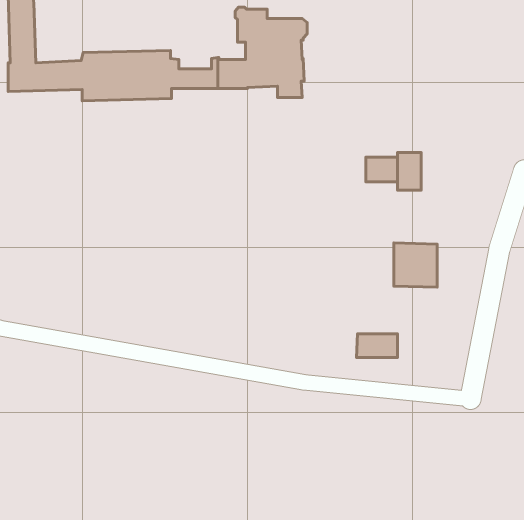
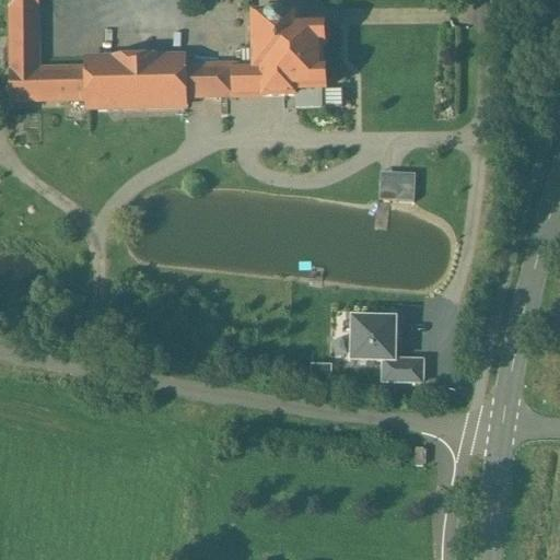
building: [398,152,421,190] -> none
building: [394,243,437,287] -> [350,313,396,360]

